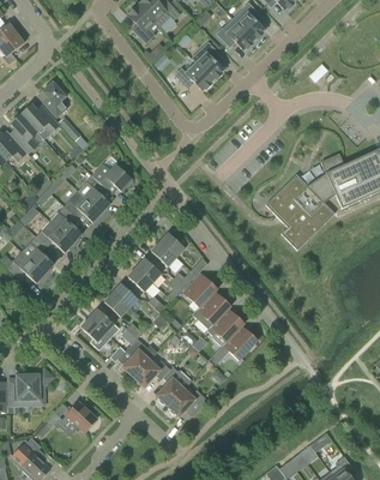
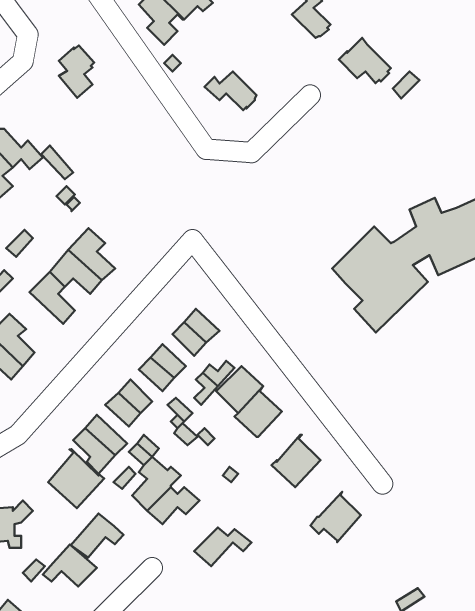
building: [216,18,253,50] -> [339,38,391,83]
building: [194,42,222,80] -> none
building: [42,80,67,118] -> [59,46,94,98]
building: [91,162,132,192] -> none
building: [35,221,73,252] -> none
building: [206,306,242,342] -> [310,492,361,542]
building: none -> [48,449,104,508]
building: [156,367,189,406] -> none
building: none -> [71,513,124,558]

